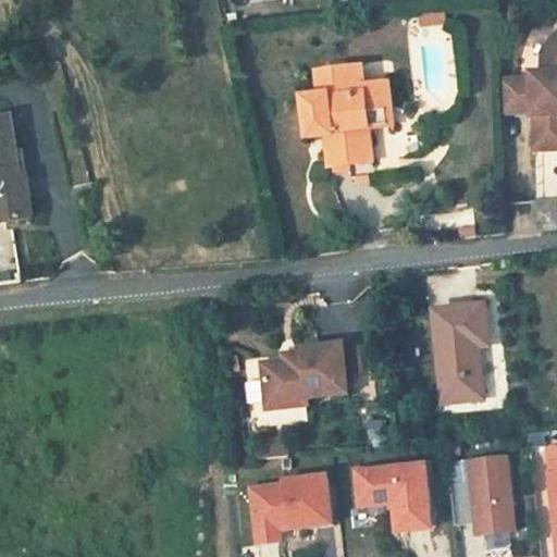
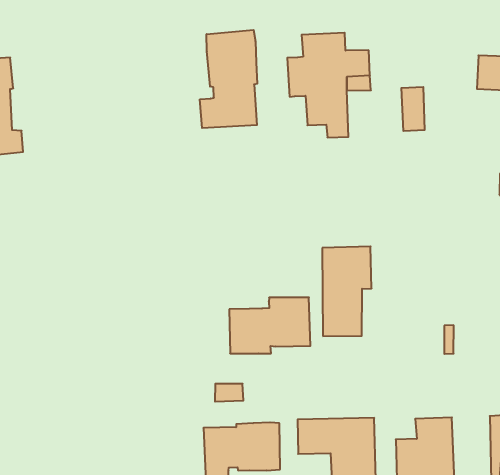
building: none -> [200,30,257,128]
building: none -> [401,87,425,131]
building: [438,304,493,400] -> [322,246,372,336]

